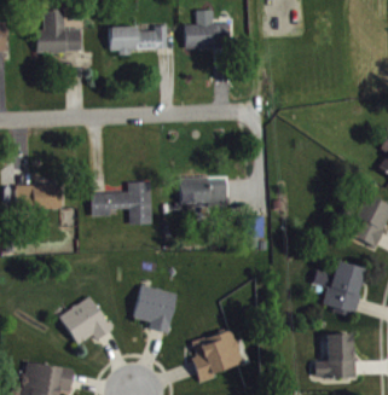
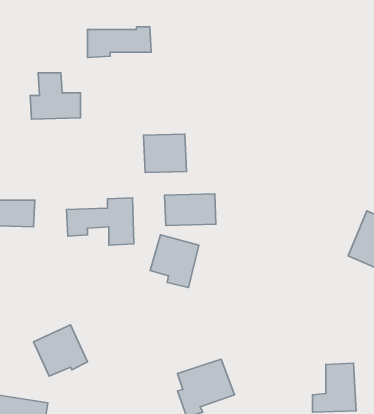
building: [36,10,82,52] -> [30,73,81,119]
building: [185,10,230,48] -> none
building: none -> [144,134,186,173]
building: [314,261,365,316] -> none
building: [133,284,178,332] -> [150,235,199,288]

